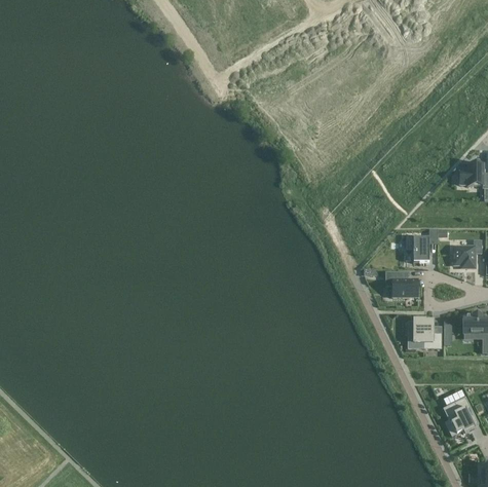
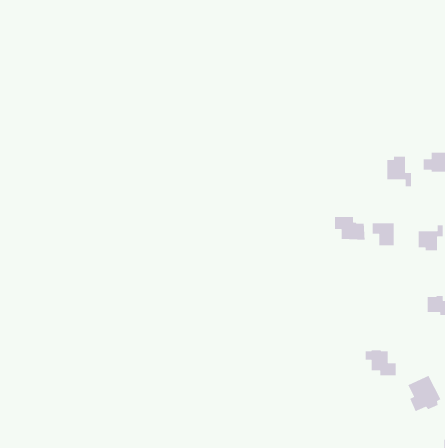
building: none -> [386,156,412,187]
building: [385,271,418,297] -> [334,216,366,241]
building: [408,320,441,347] -> [365,350,396,376]

